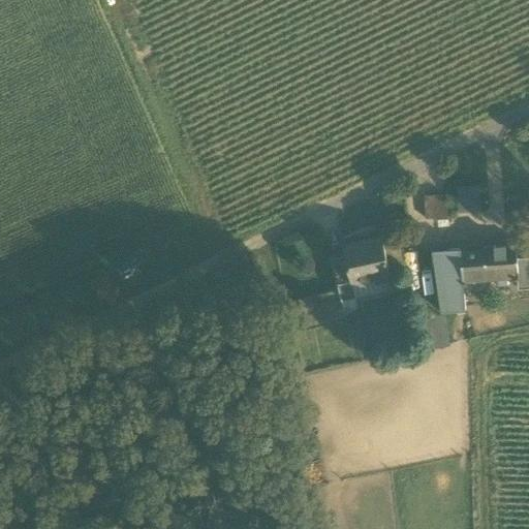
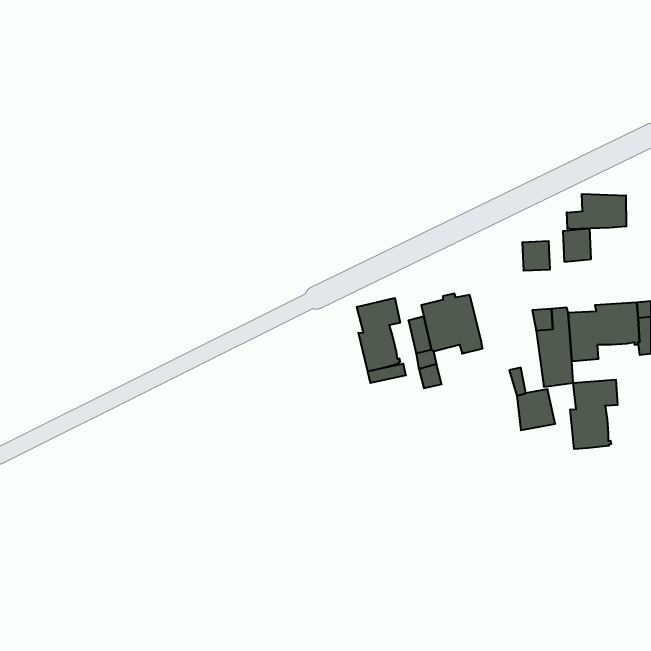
building: none -> [567,194,626,229]
building: none -> [357,298,400,371]
building: none -> [570,380,618,449]

